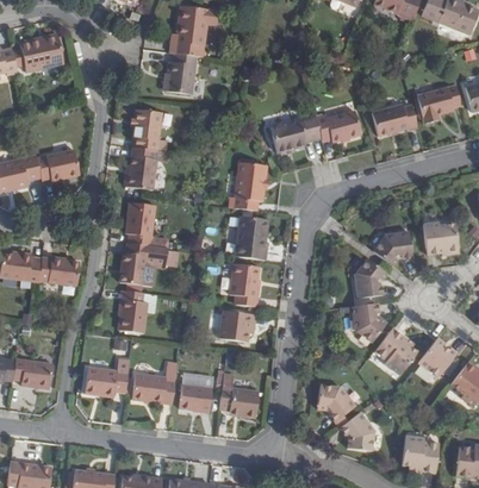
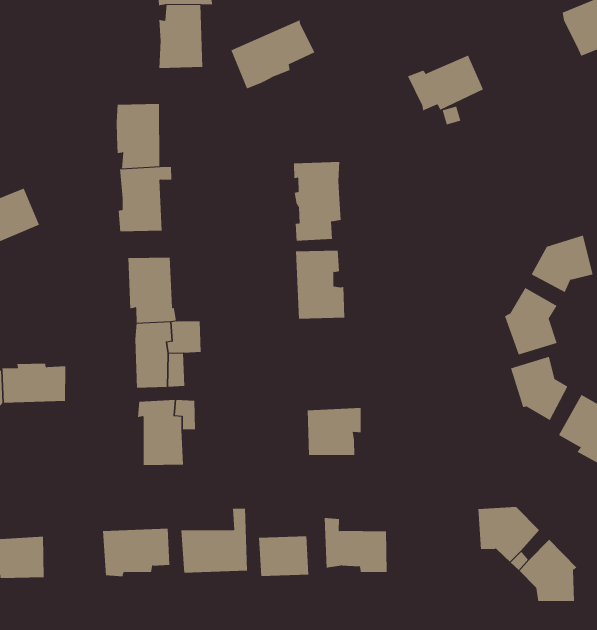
building: [372,104,417,134] -> none
building: [270,115,322,152] -> [230,20,315,89]
building: [230,263,260,307] -> none

